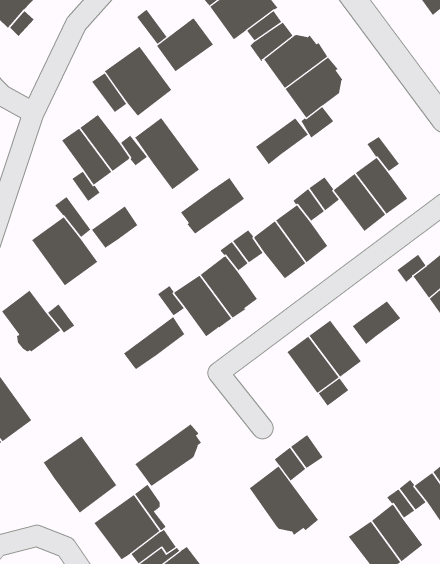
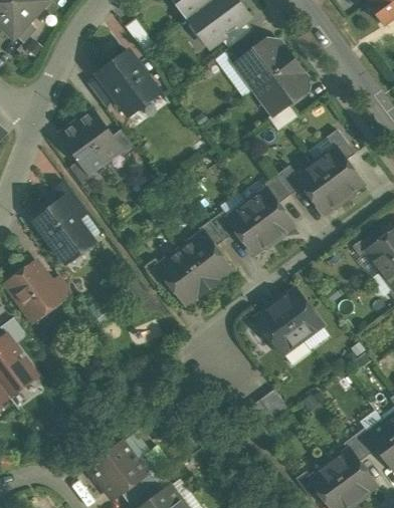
building: [156,18,214,72] -> none
building: [134,117,200,190] -> none
building: [255,117,309,165] -> none
building: [180,177,245,235] -> none
building: [91,205,138,249] -> none
building: [352,300,401,345] -> none
building: [123,316,185,370] -> none
building: [134,424,202,488] -> none
building: [43,436,117,514] -> none
building: [248,465,319,536] -> none

